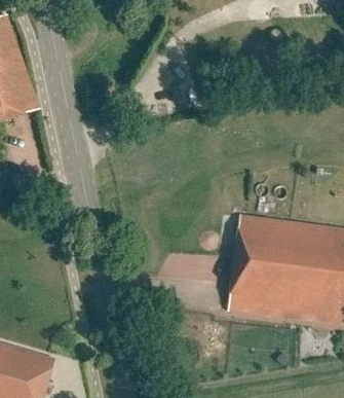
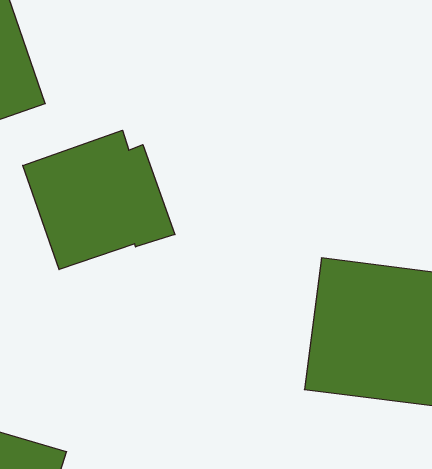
building: none -> [23,130,175,270]

